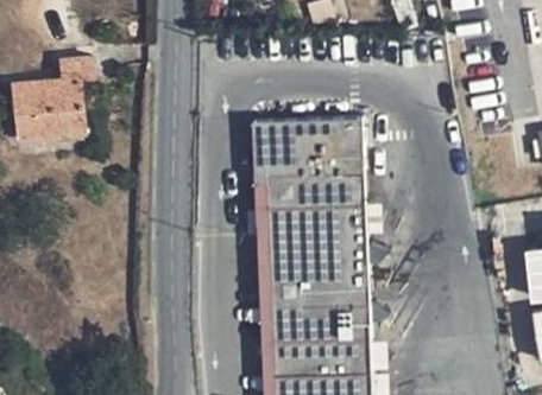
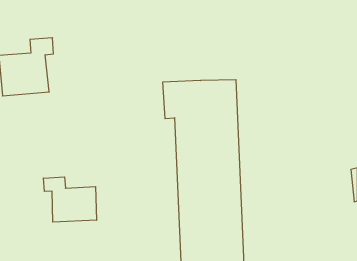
building: none -> [43,177,97,222]

